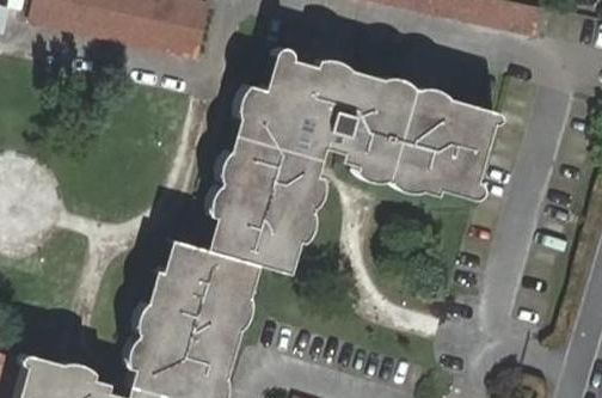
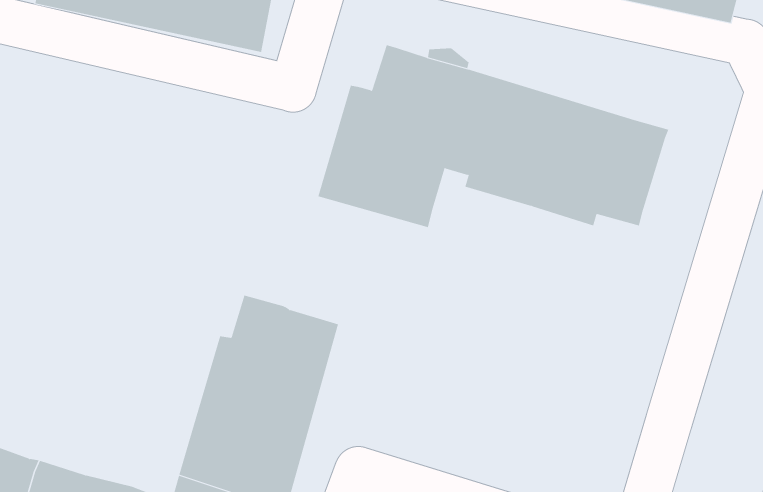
building: [214,166,315,269] -> none

